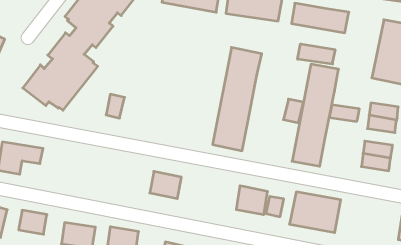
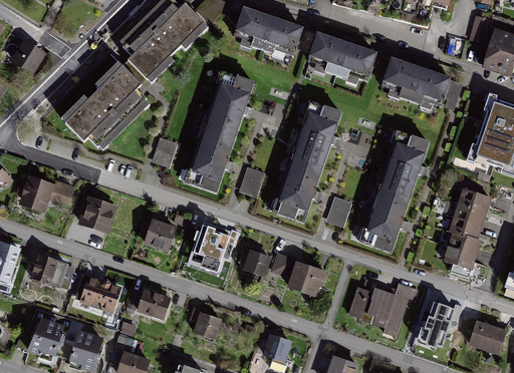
building: none -> [186,71,253,191]
building: [298,44,335,64] -> none
building: [283,99,304,123] -> [328,197,354,226]
building: [329,105,359,121] -> [448,216,484,239]
building: none -> [239,165,265,195]
building: none -> [80,198,115,234]
building: none -> [146,221,177,253]
building: none -> [244,251,271,277]
building: [266,196,284,217] -> [272,253,295,278]
building: none -> [422,307,452,343]

